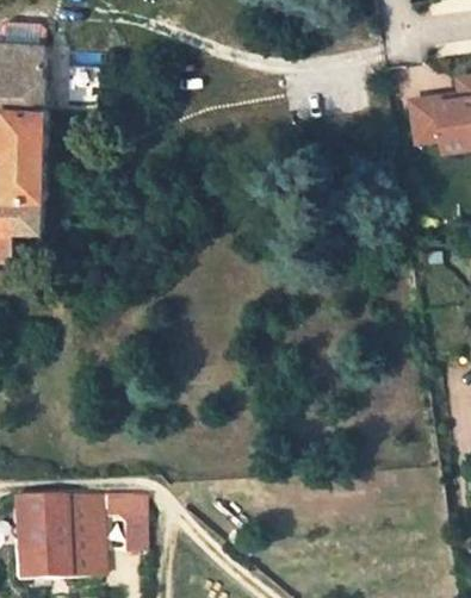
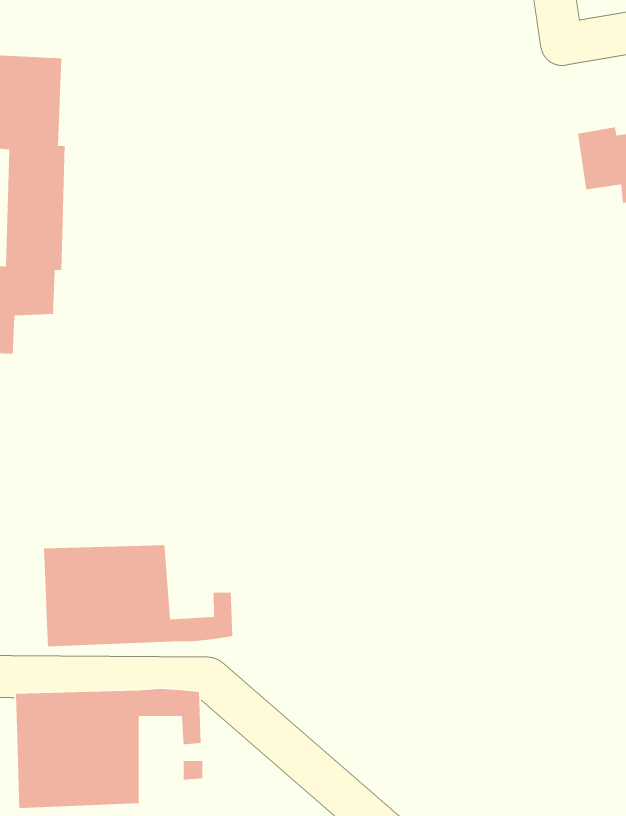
building: none -> [43,544,233,647]

